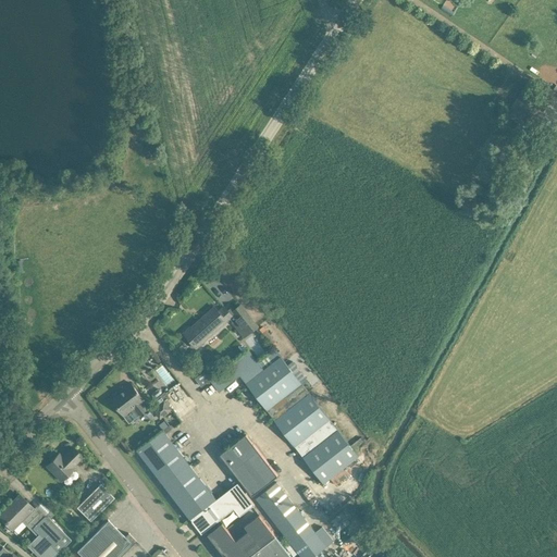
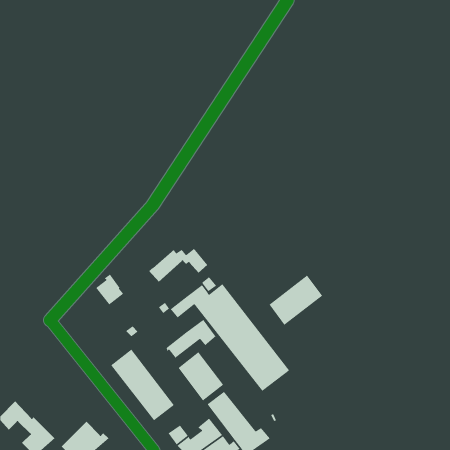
building: none -> [268,274,323,326]
building: [111,384,147,423] -> [95,274,124,305]
building: [46,448,82,482] -> none
building: [190,484,253,534] -> [165,319,217,359]
building: [75,485,113,522] -> none

